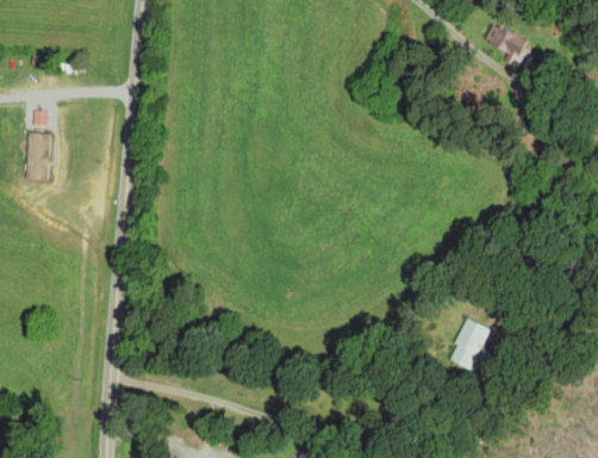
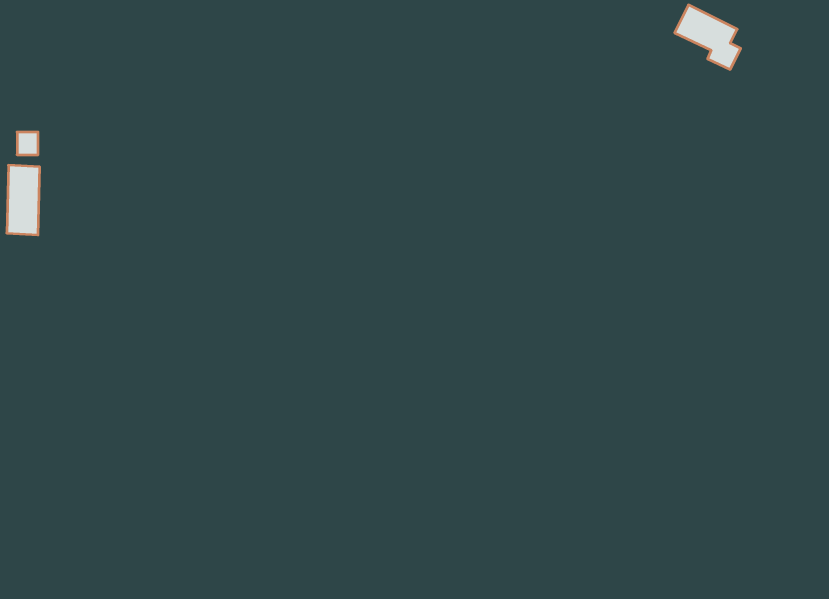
building: [453,320,493,370] -> none

